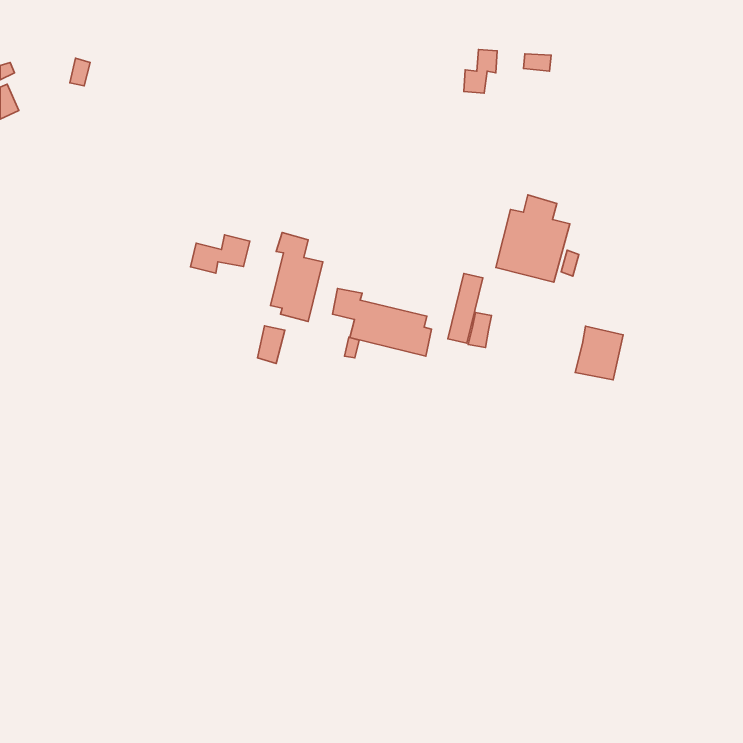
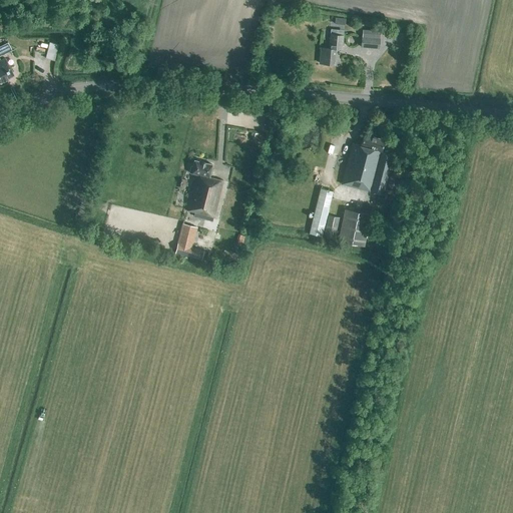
building: [191,235,250,273] -> none
building: [332,288,432,356] -> none
building: [575,326,623,380] -> [338,208,371,245]

